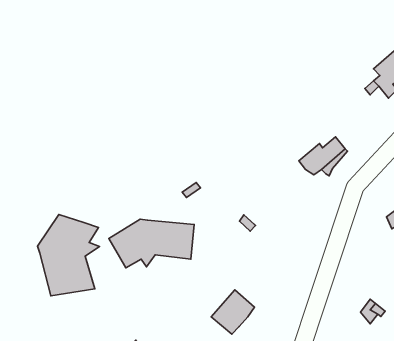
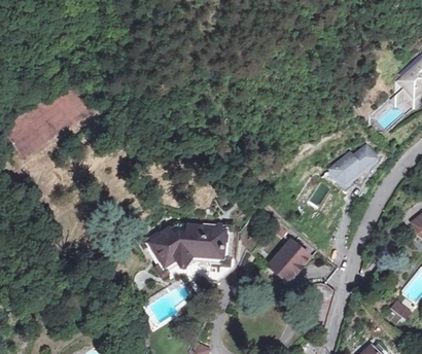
building: [38,215,99,296] -> none
building: [211,290,254,334] -> [269,239,310,281]

